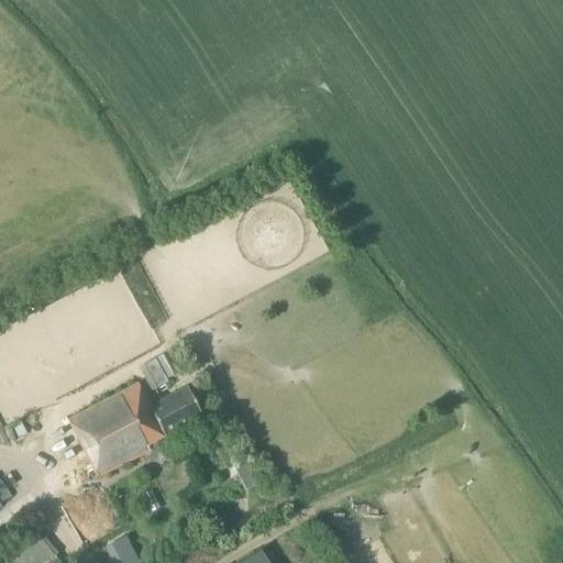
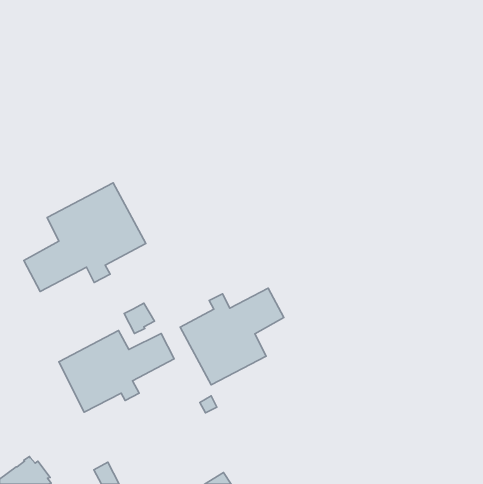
building: none -> [24,183,146,291]
building: none -> [180,288,284,385]

